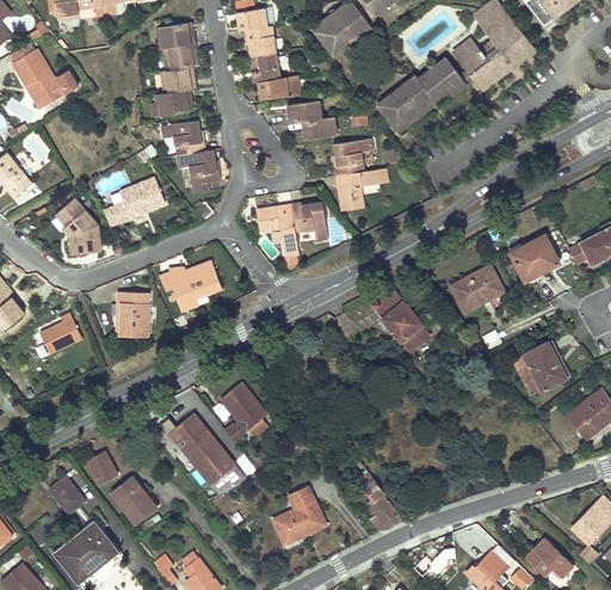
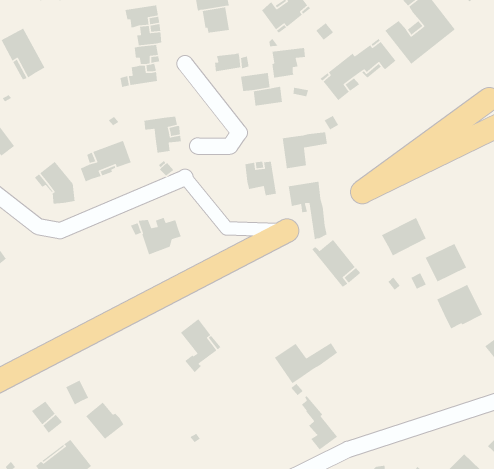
building: [249,51,280,81] -> none
building: [161,119,203,154] -> none
building: [333,139,372,174] -> [271,47,306,78]
building: [257,204,302,272] -> [288,181,328,240]
building: [508,235,557,281] -> [425,243,467,282]
building: [118,291,149,334] -> none
building: [38,313,81,354] -> none
building: none -> [274,342,338,384]
building: [150,412,243,493] -> none
building: [272,485,322,542] -> none

